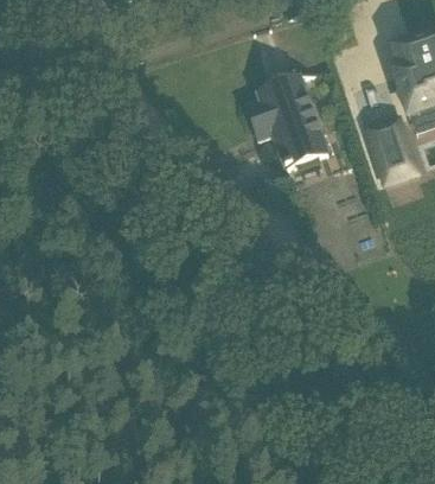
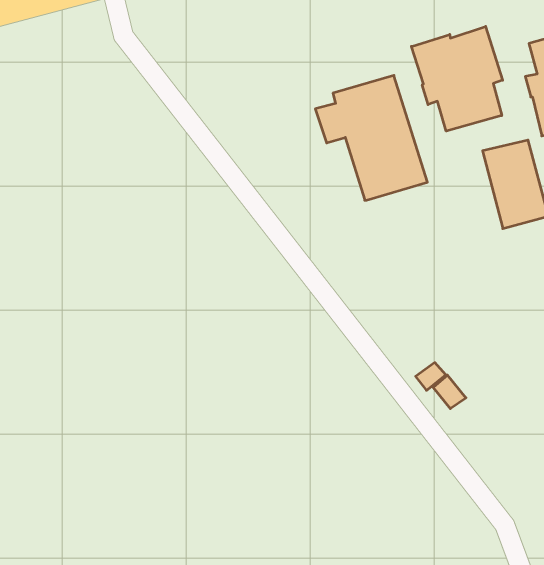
building: none -> [411,26,503,131]

